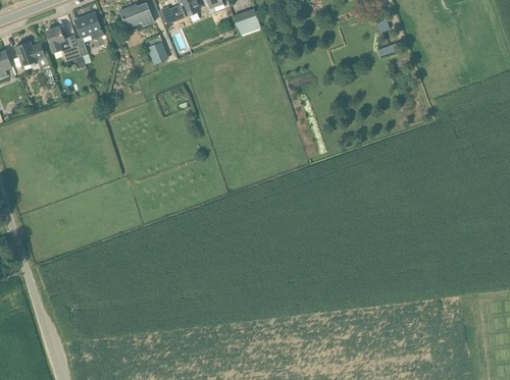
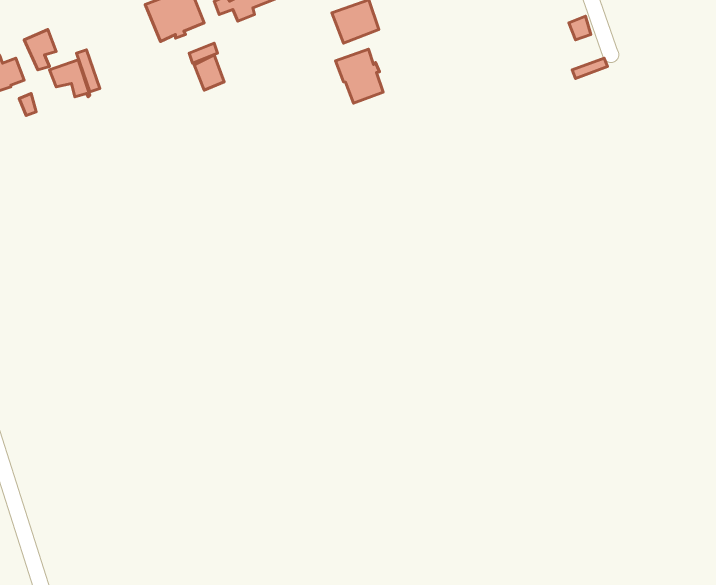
building: [74,12,102,37] -> none
building: none -> [335,49,383,103]

